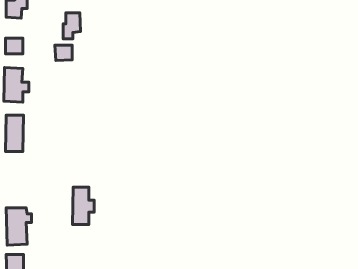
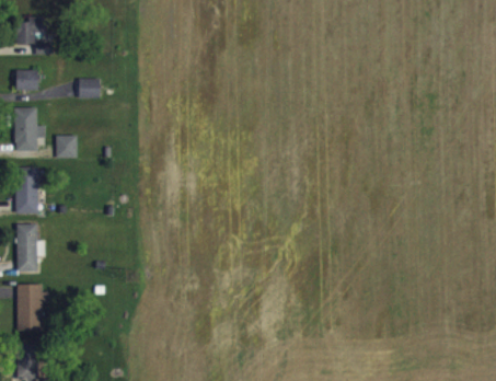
building: [63,13,81,39] -> none
building: none -> [56,136,77,159]
building: [72,187,94,224] -> [16,224,44,272]

